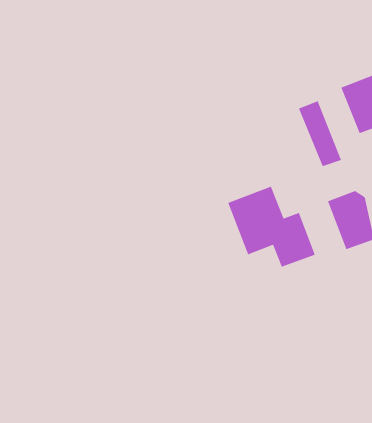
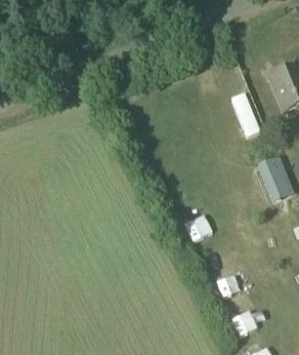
building: [227,186,315,268] -> none

